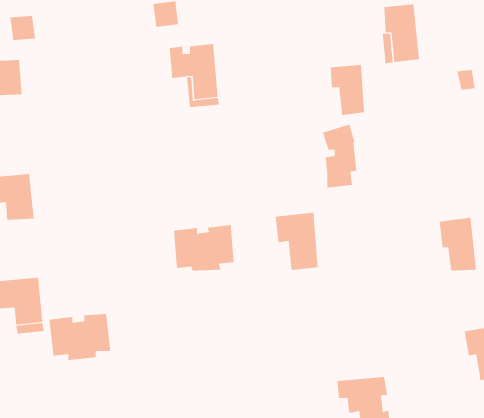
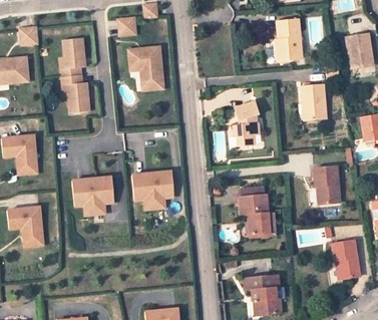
building: none -> [60,38,89,112]
building: [330,64,365,116] -> [301,84,325,119]
building: [275,212,319,270] -> [239,194,269,234]
building: [48,314,111,360] -> [71,177,114,209]

